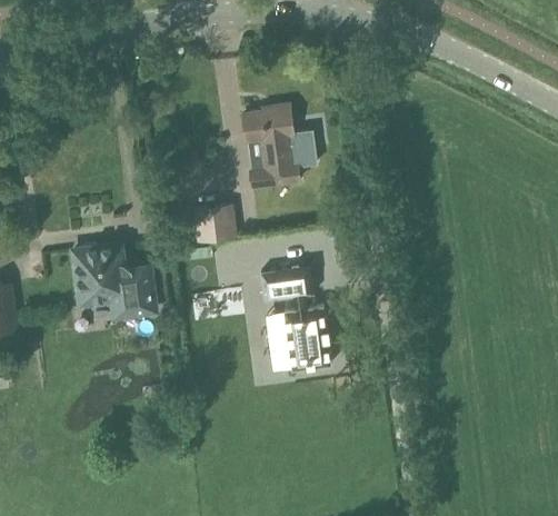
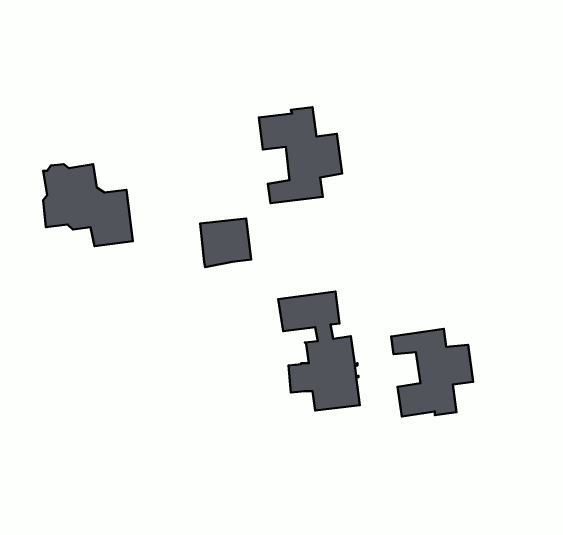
building: [77,244,155,315] -> [43,164,133,246]
building: none -> [391,329,473,416]

